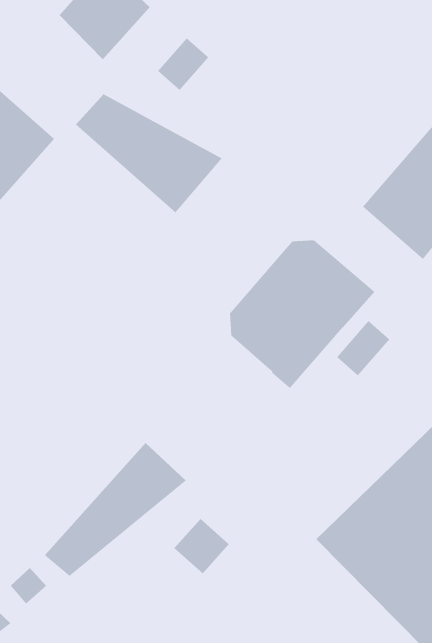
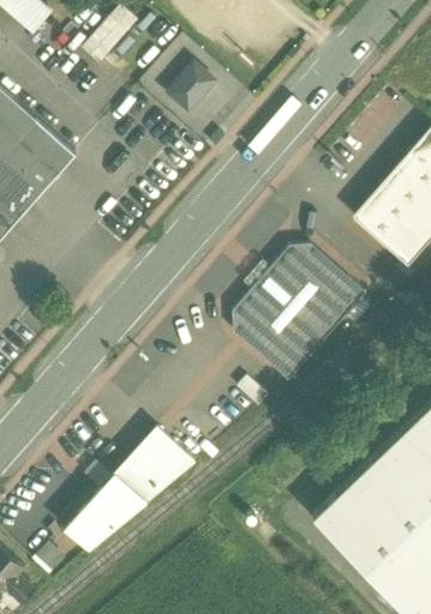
building: [75,93,222,213] -> none
building: [336,320,390,376] -> none
building: [174,518,230,574] -> none

